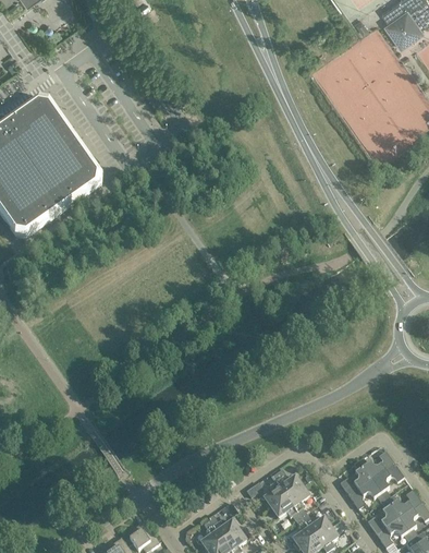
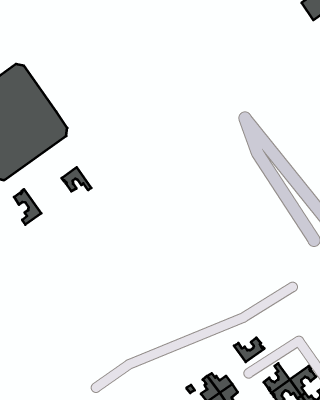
building: none -> [62,167,91,191]
building: none -> [14,189,41,225]
building: [356,449,393,479] -> [234,338,264,362]

